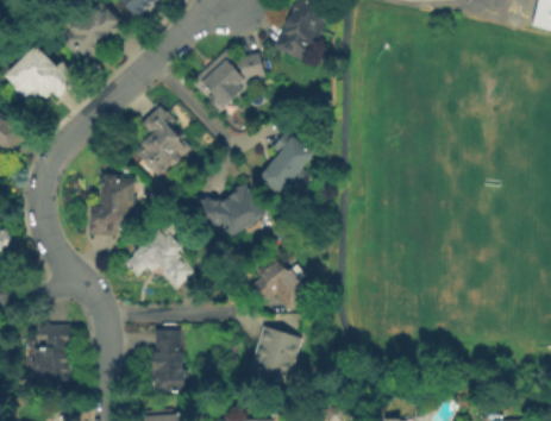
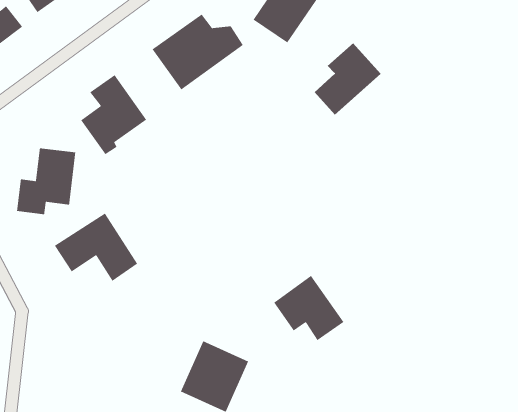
building: [258,131,314,195] -> [314,42,382,116]
building: [190,181,270,241] -> none
building: [246,256,309,312] -> [273,275,345,341]
building: [152,331,184,392] -> none

